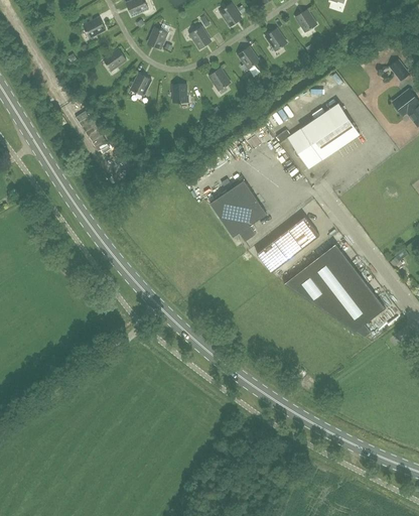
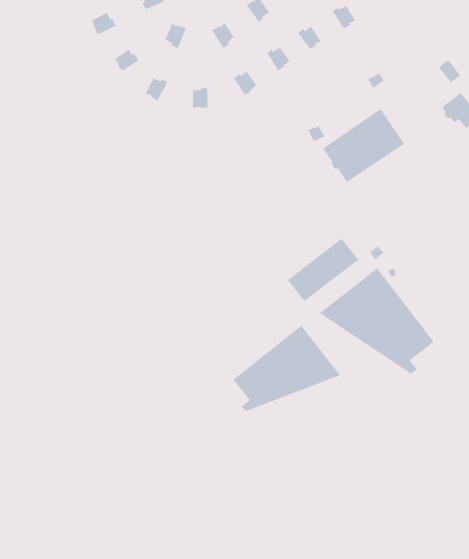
building: [211,179,267,241] -> none
building: none -> [233,325,341,412]

